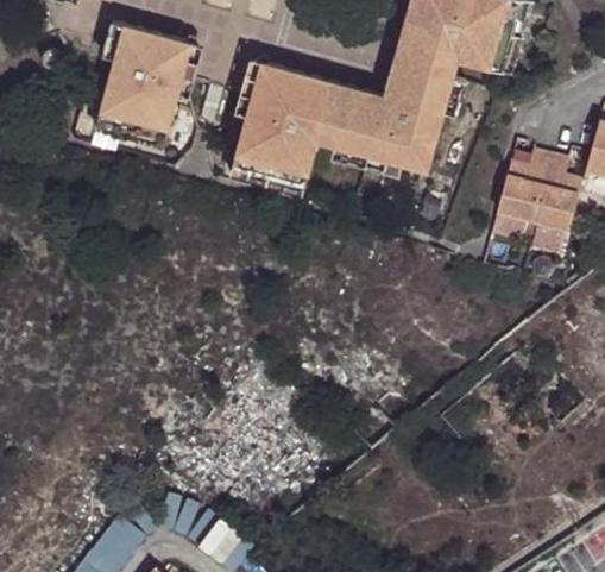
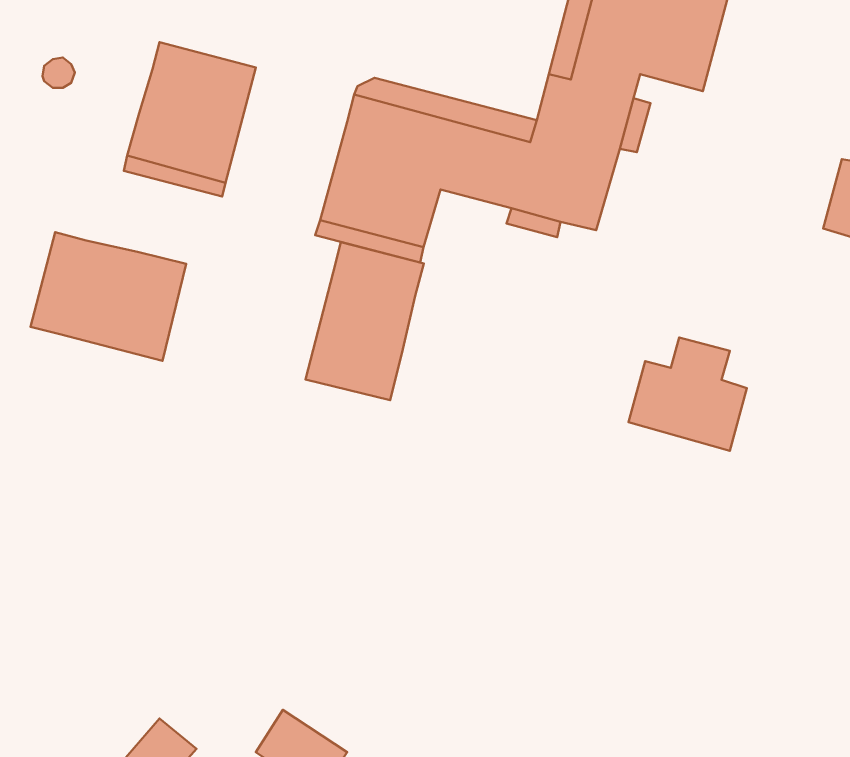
building: [103,23,190,59] -> none
building: [497,152,580,232] -> [628,337,747,451]
building: none -> [31,232,186,361]
building: none -> [306,242,424,400]

